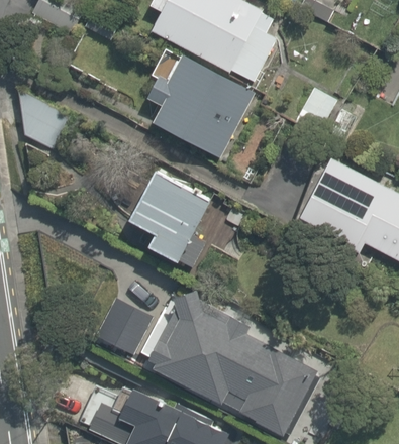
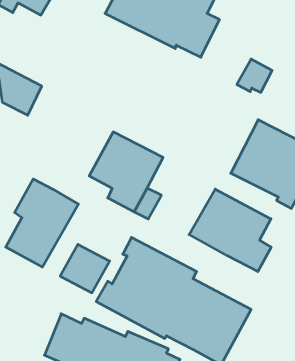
building: [143,56,253,158] -> none
building: none -> [6,179,78,267]
building: none -> [189,189,271,272]

